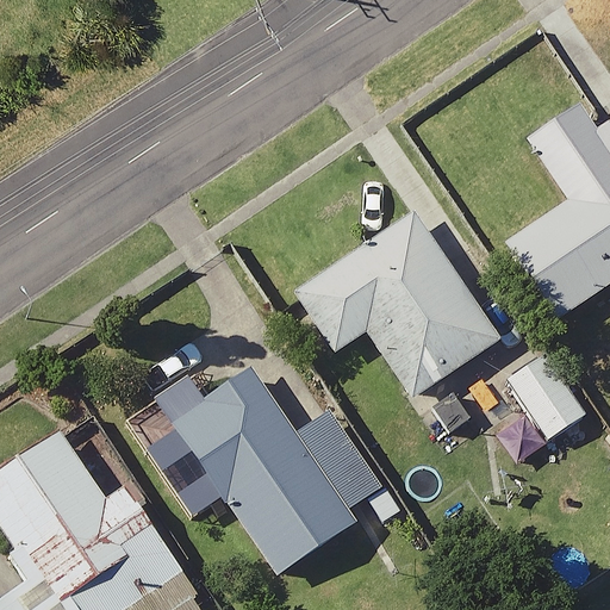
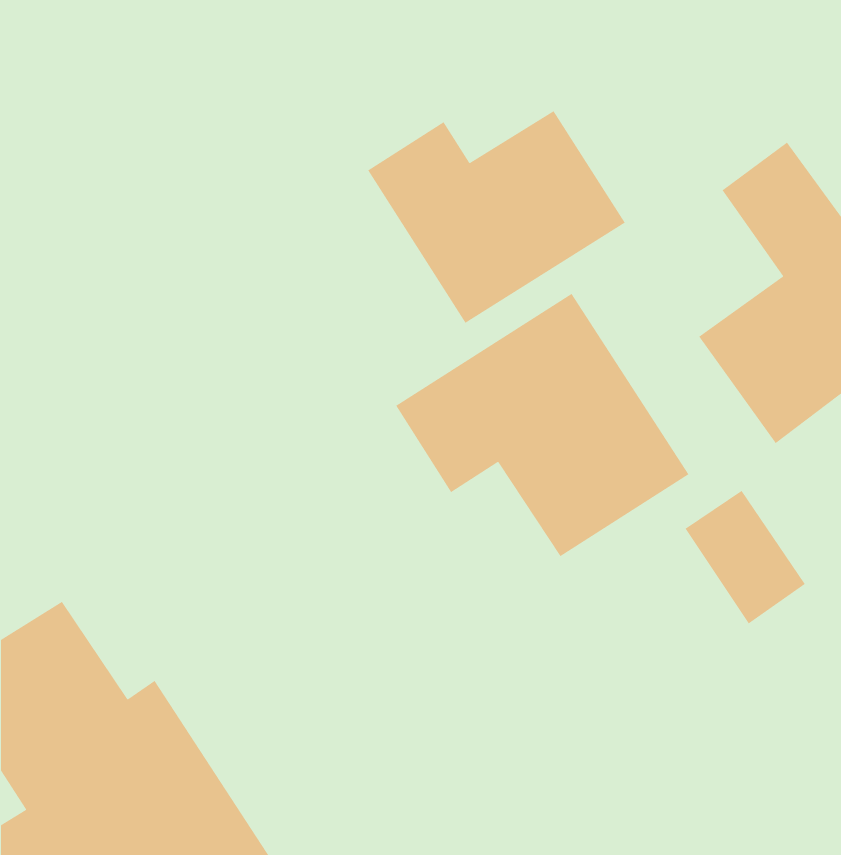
building: none -> [367,110,626,324]
building: [170,371,405,574] -> none

